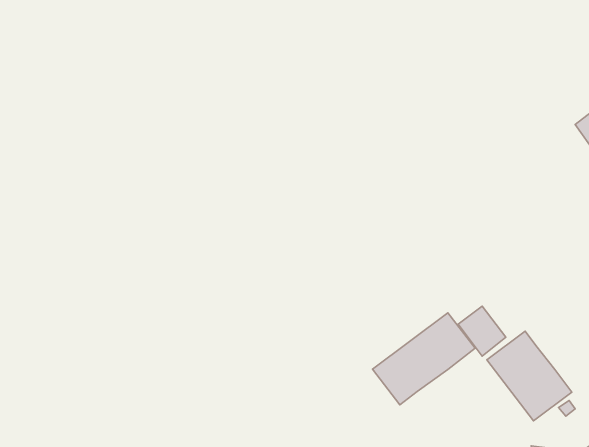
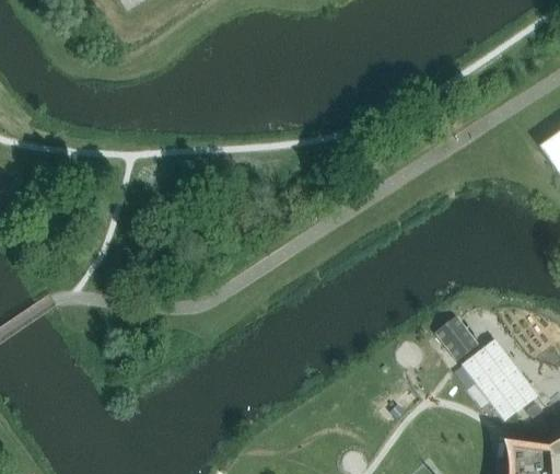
building: [372,313,475,405] -> none

